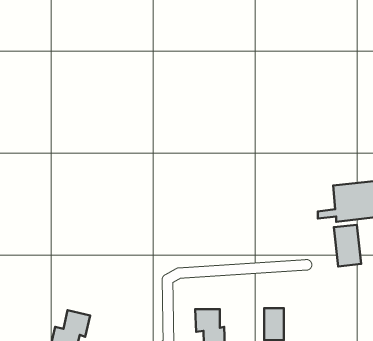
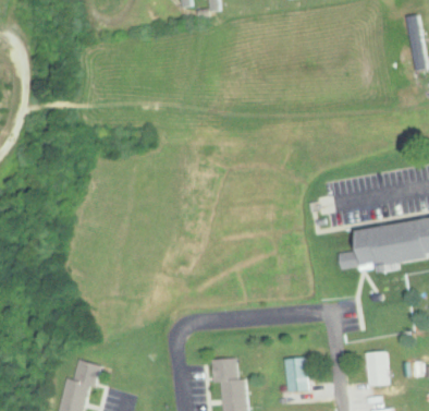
building: [334,225,361,266] -> none
building: none -> [367,352,388,385]

